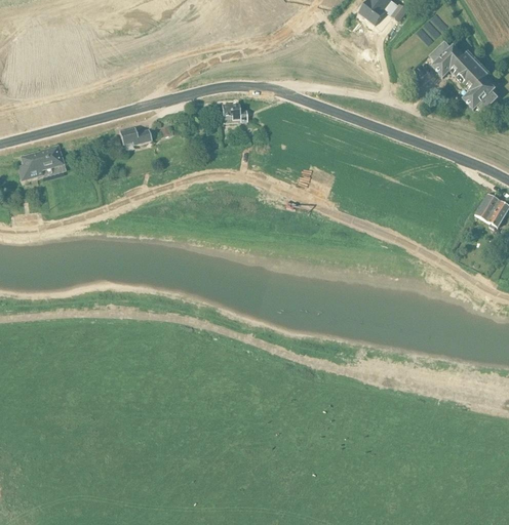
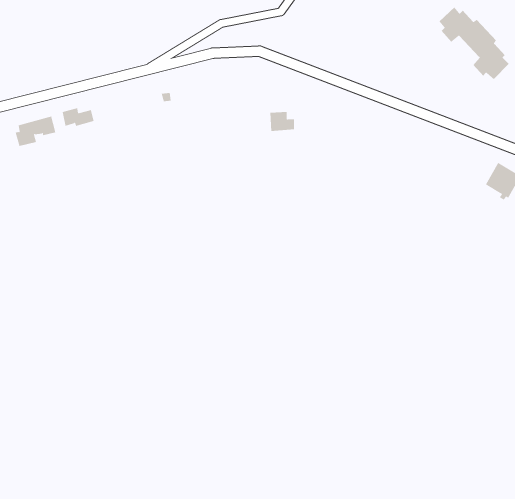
building: [222,103,246,122] -> [269,111,295,132]
building: [119,126,151,145] -> [62,108,95,127]

